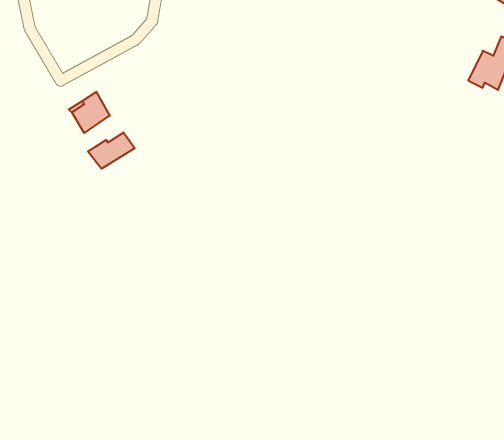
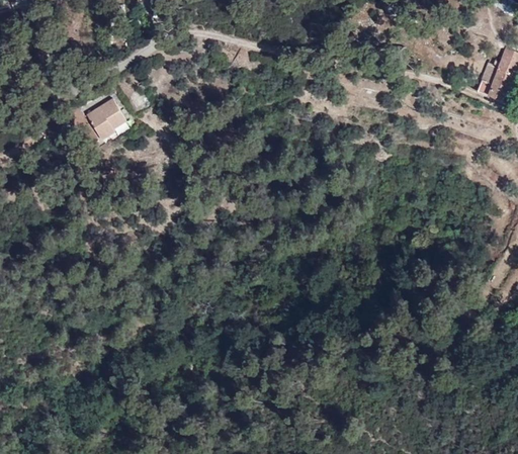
building: [88,132,135,169] -> none

